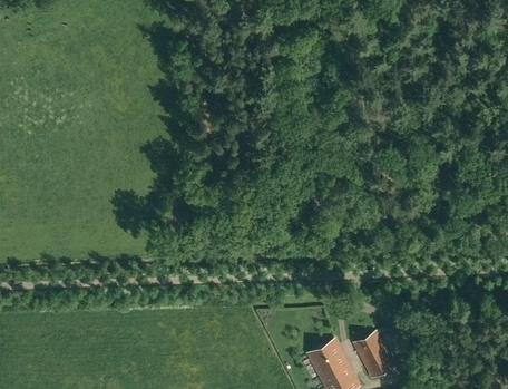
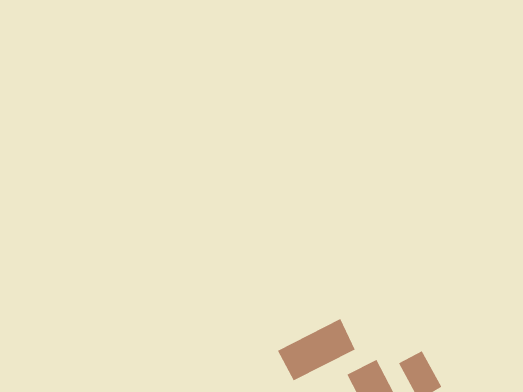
building: none -> [277,318,355,381]

